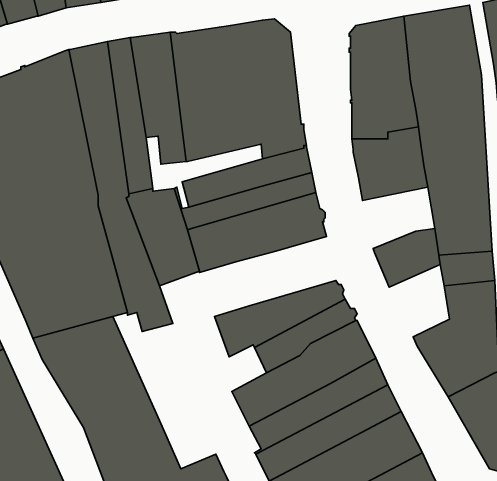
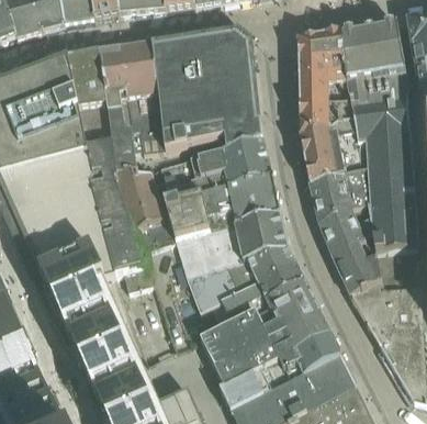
building: none -> [308,168,368,219]
building: none -> [175,209,286,275]
building: none -> [330,232,380,291]

